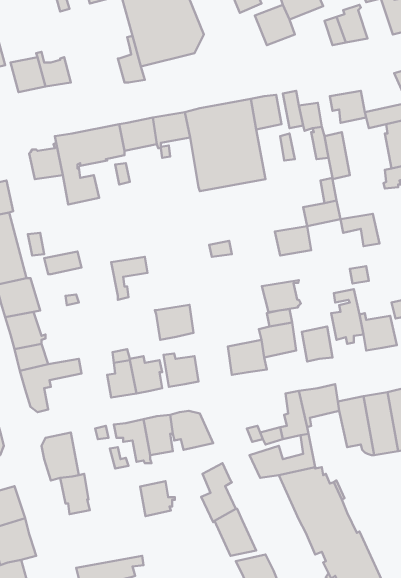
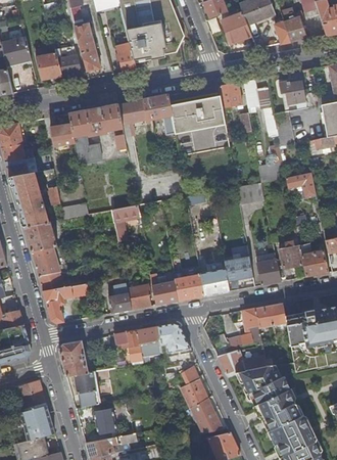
building: none -> [76,22,101,72]
building: [262,280,301,312] -> none
building: [155,305,194,340] -> [175,274,204,301]
building: [140,481,175,516] -> [94,408,121,434]

